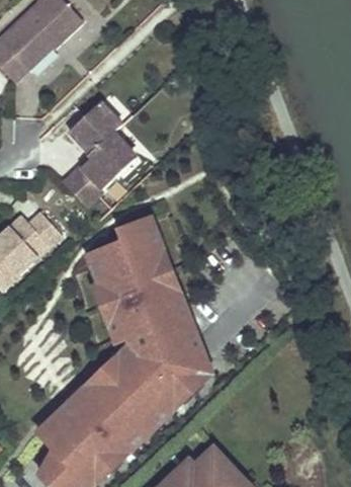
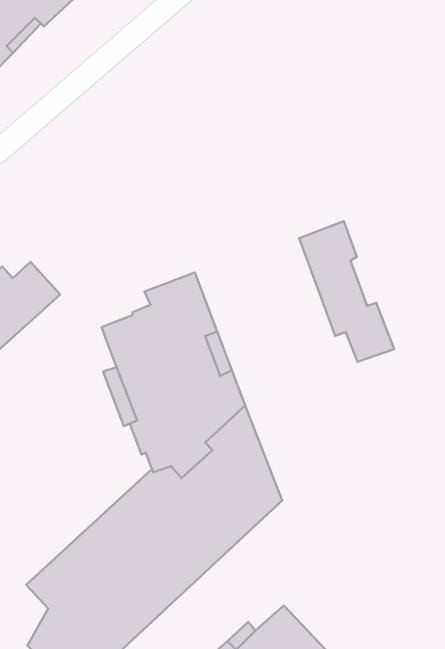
building: [62,101,133,206] -> none
building: none -> [299,221,394,362]

